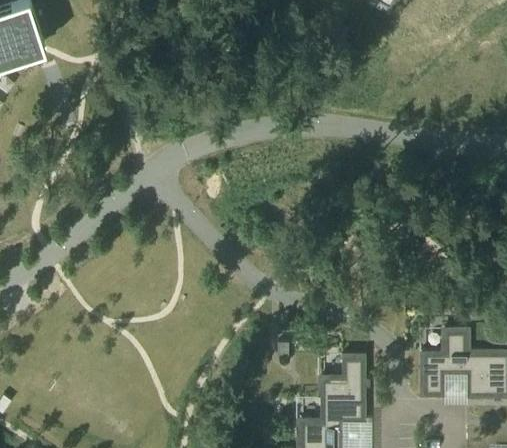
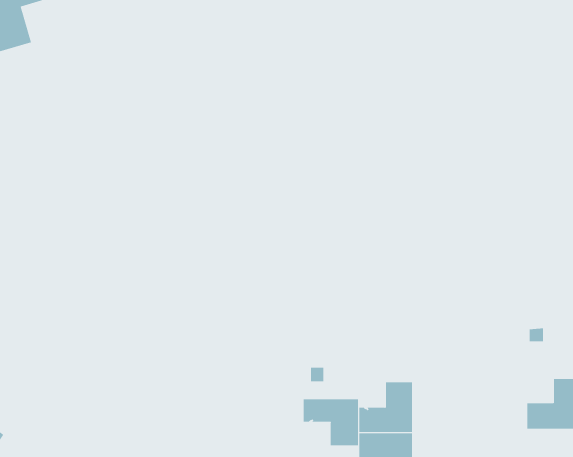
building: [422,328,488,396] -> none
building: none -> [303,399,359,446]

